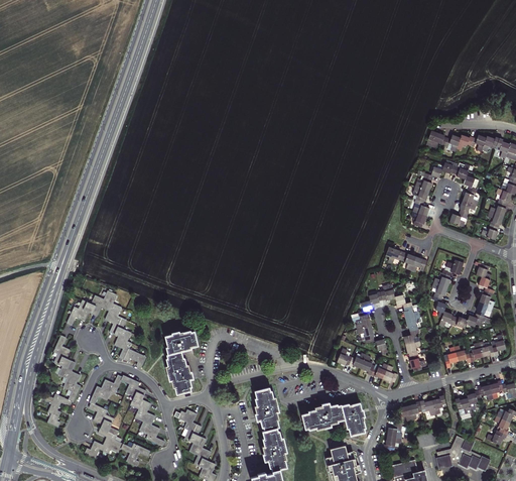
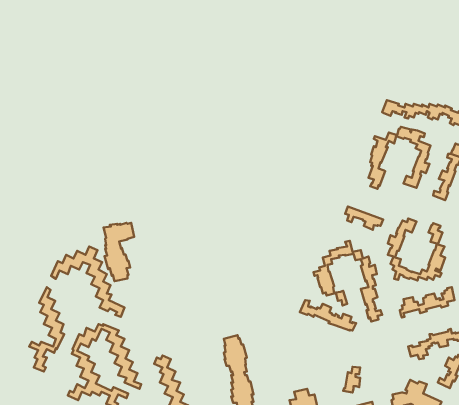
building: [164,331,198,394] -> [103,223,134,281]
building: [400,395,446,422] -> none
building: [301,402,365,436] -> none

